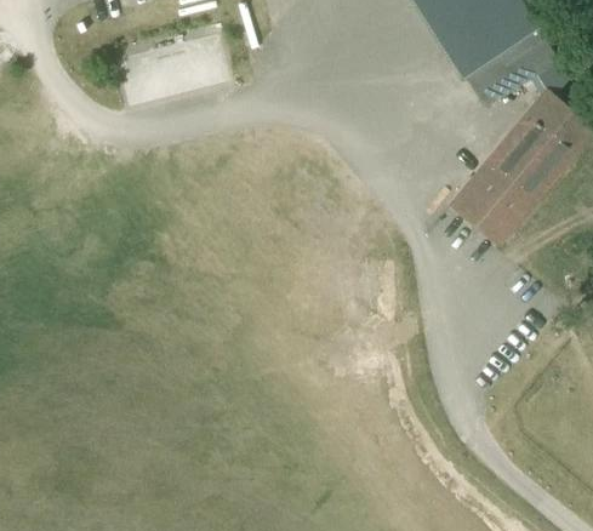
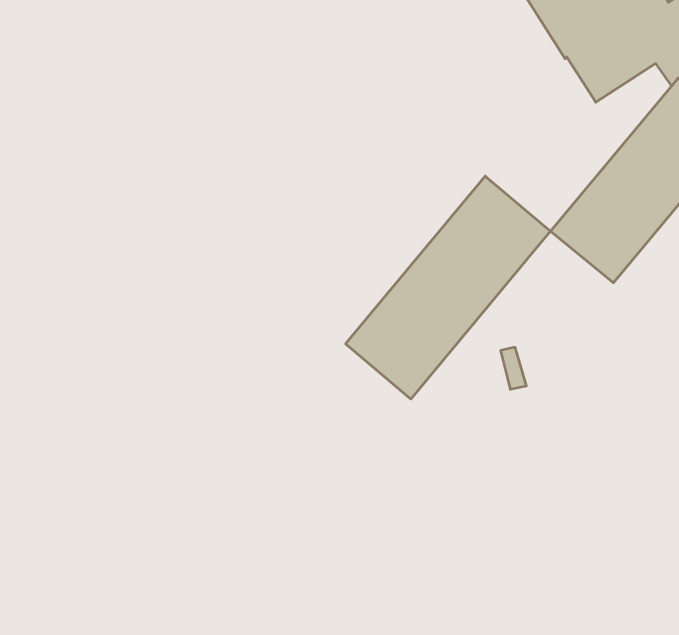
building: none -> [346,176,551,399]

